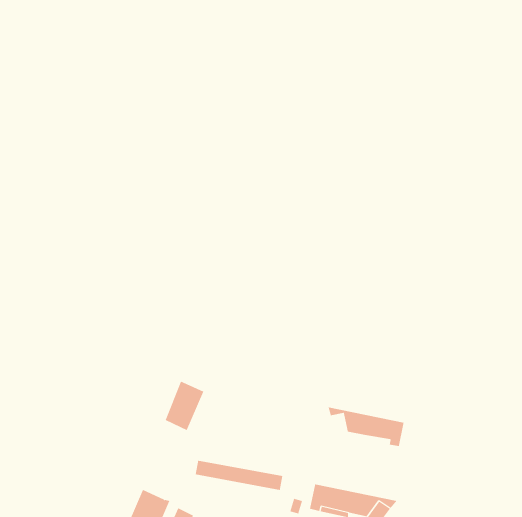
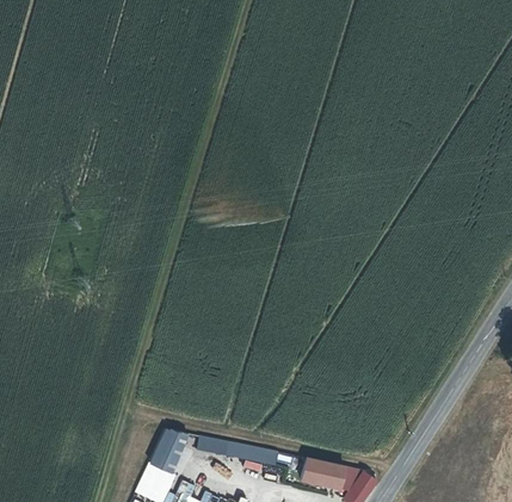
building: [165,381,204,431] -> [150,427,186,472]
building: [328,406,404,447] -> none

